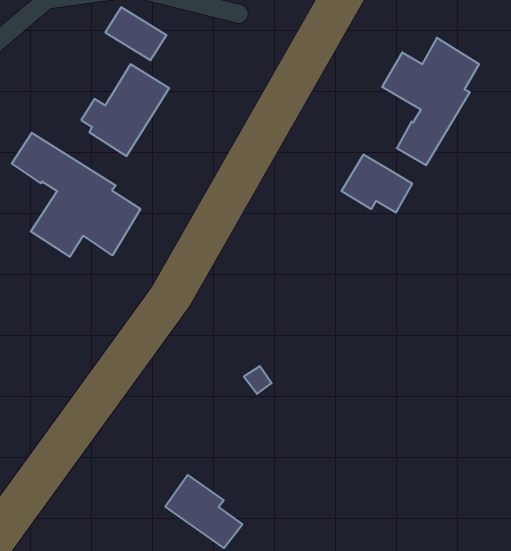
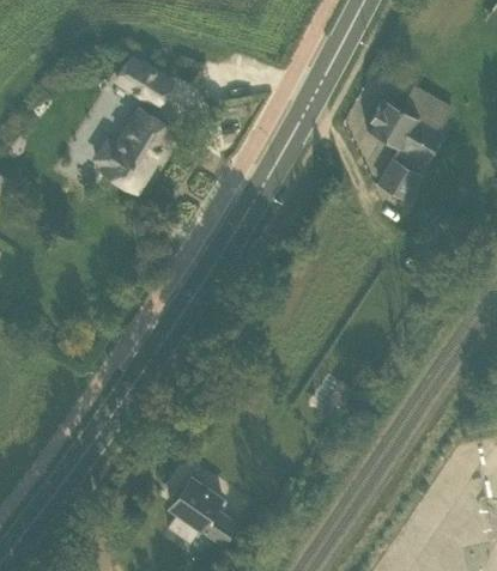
building: [12,133,140,257] -> none
building: [342,154,412,213] -> none

